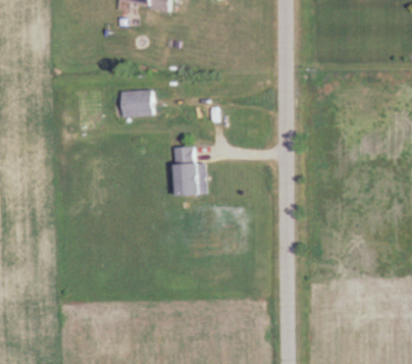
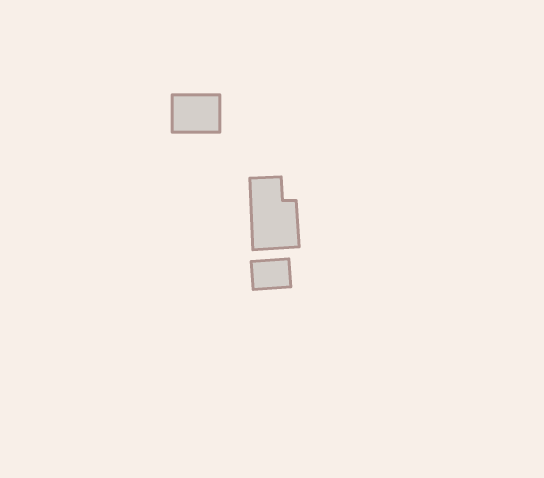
building: none -> [251,259,291,289]

